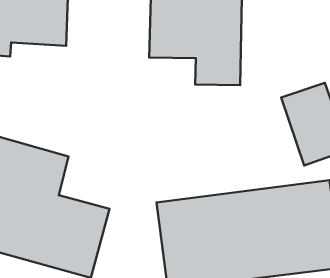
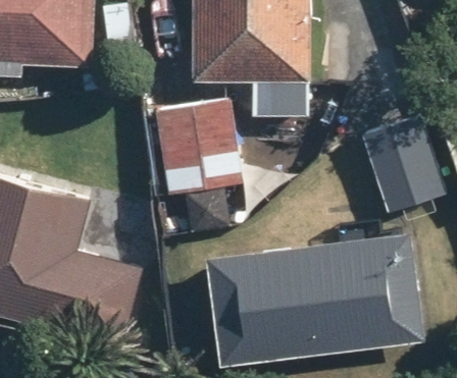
building: none -> [153,97,241,229]

